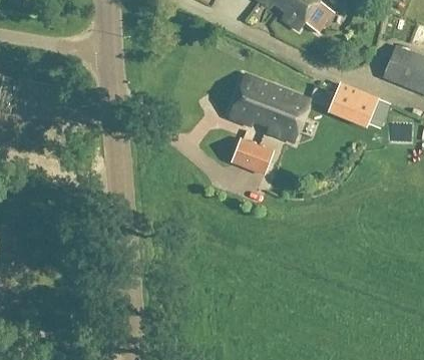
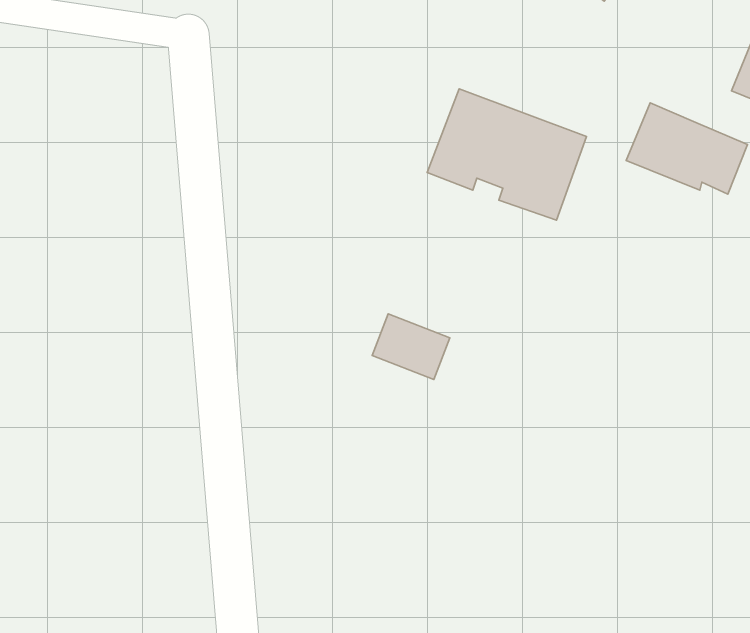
building: [232,140,271,173] -> [372,314,450,379]

